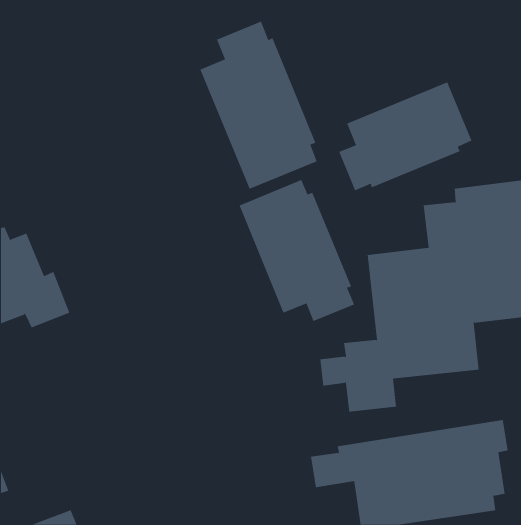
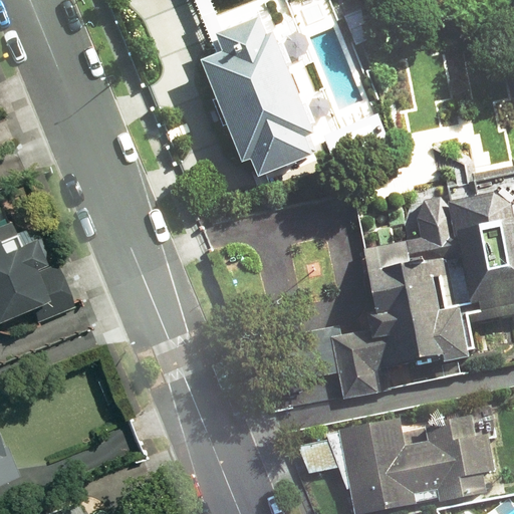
building: [339,82,472,191] -> none
building: [239,179,355,322] -> none

